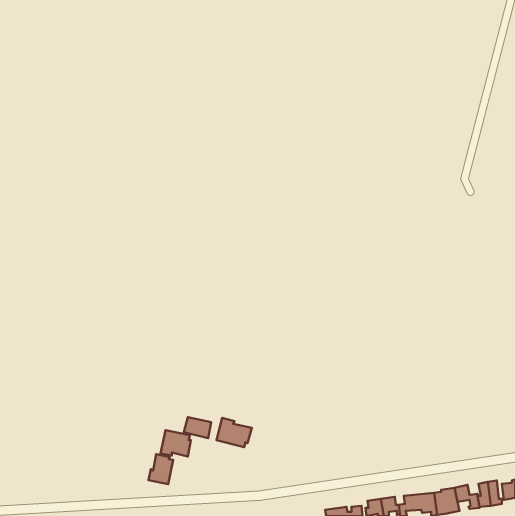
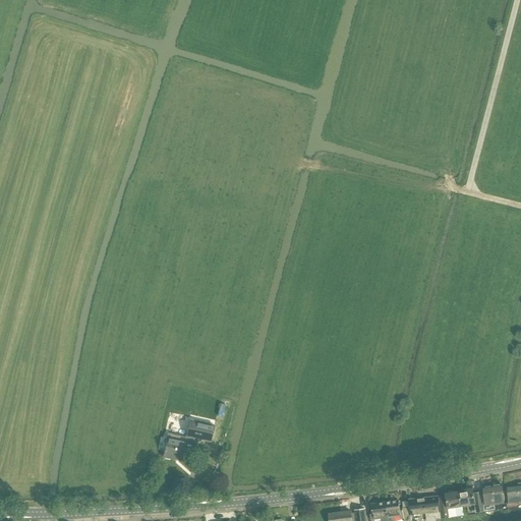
building: [217,418,252,447] -> none
building: [148,454,173,484] -> none

